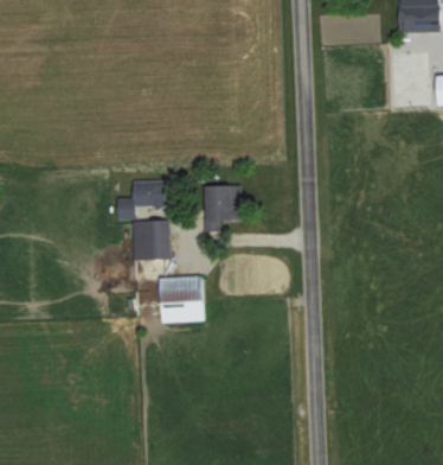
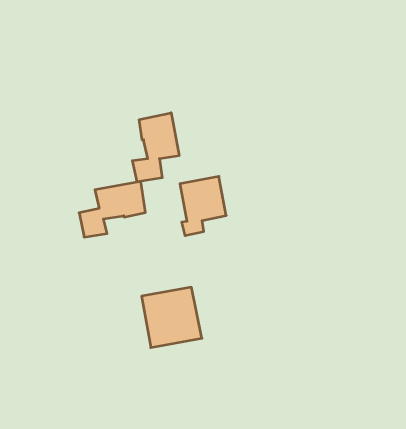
building: none -> [132,113,179,182]
building: [131,219,168,260] -> none

